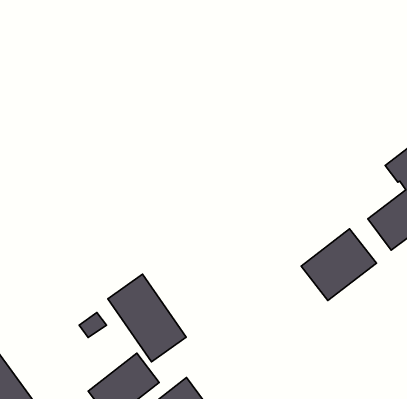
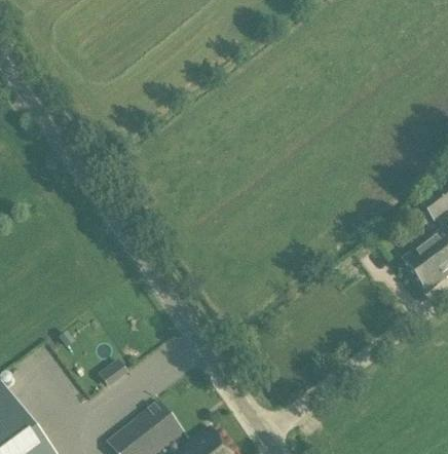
building: [301,229,376,300] -> none
building: [108,274,186,362] -> none

